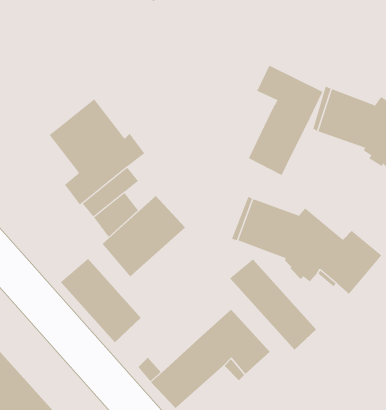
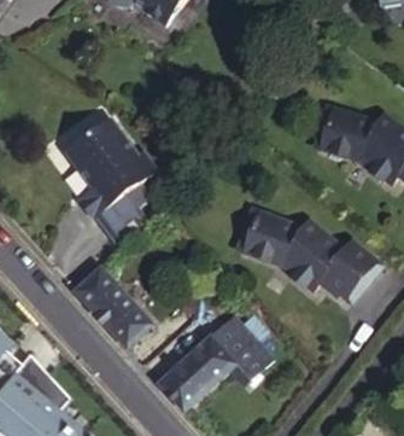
building: [248,65,323,176] -> none
building: [102,195,186,277] -> none
building: [229,259,317,351] -> none

